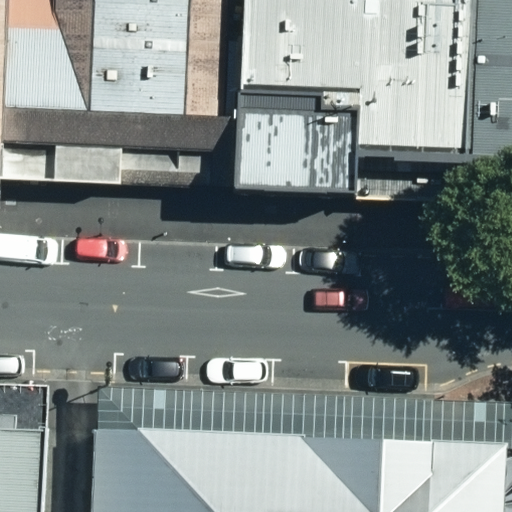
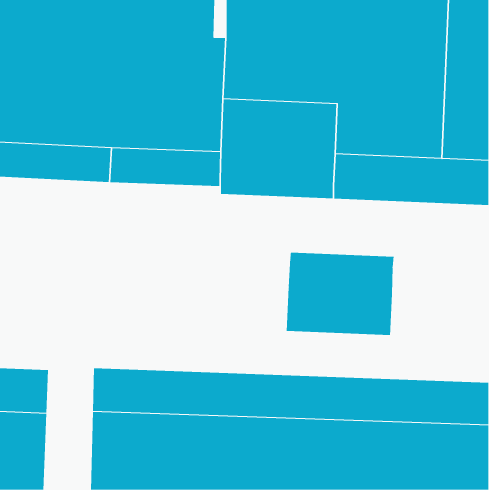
building: none -> [286,252,394,336]

